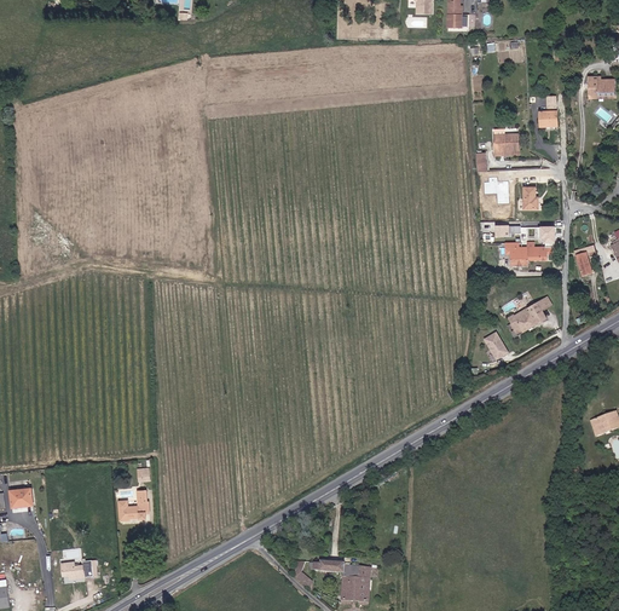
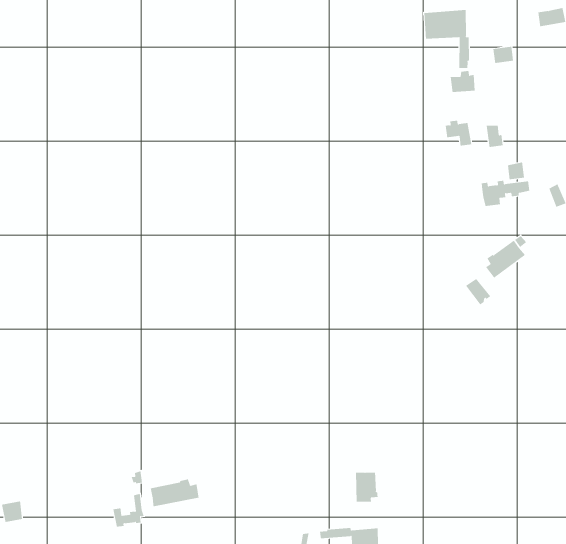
building: none -> [424,9,470,69]
building: none -> [150,478,199,507]
building: none -> [356,472,378,503]

